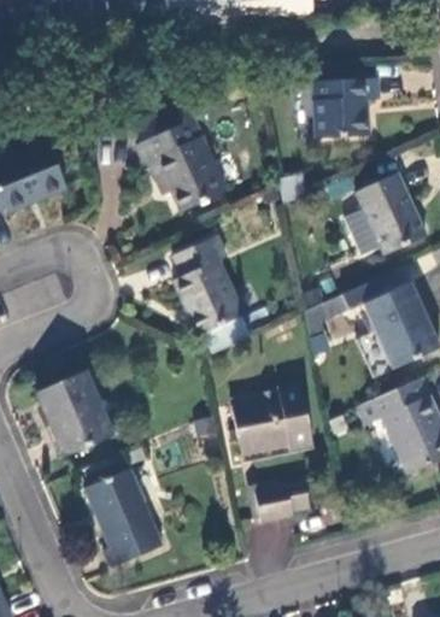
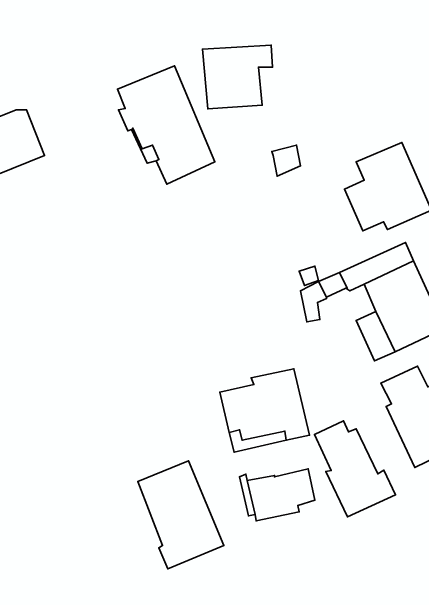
building: [315,77,380,136] -> [202,45,273,109]
building: [174,237,244,335] -> none
building: [41,369,115,452] -> none
building: none -> [315,421,395,517]
building: [86,469,165,569] -> [138,461,224,569]

